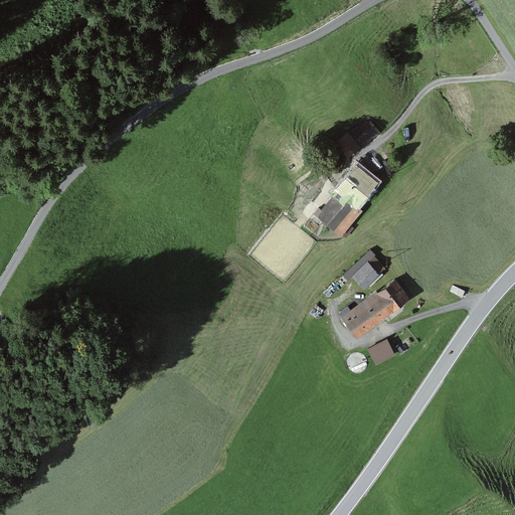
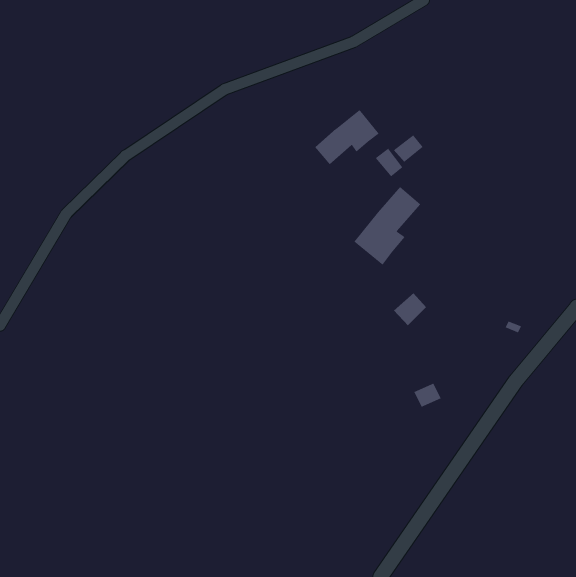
building: none -> [314,109,380,165]
building: [342,278,409,338] -> none

